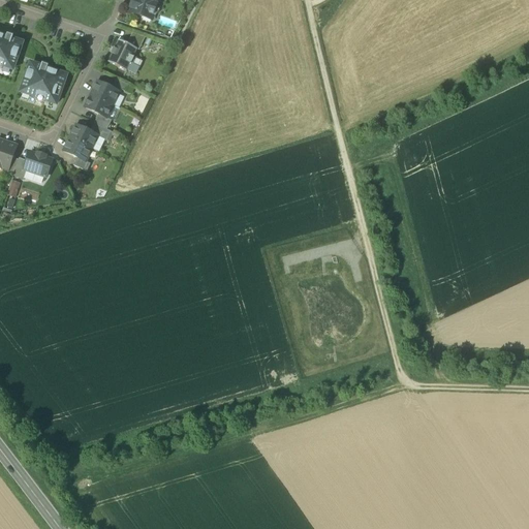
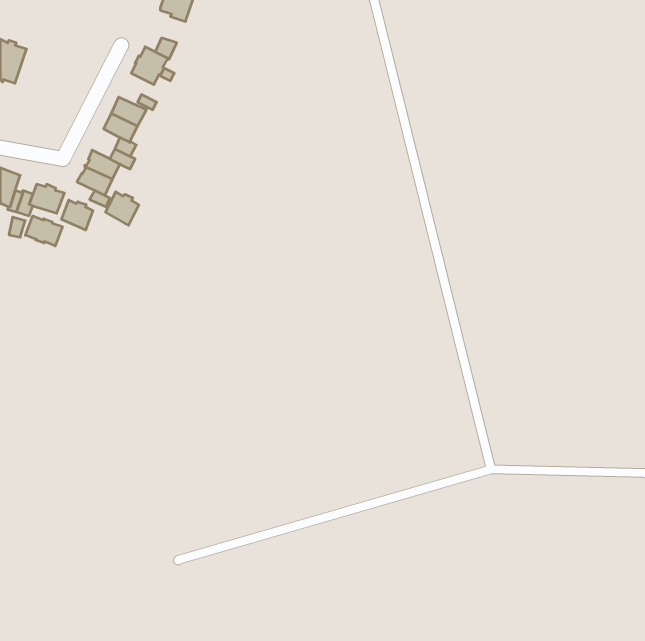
building: [21,61,66,102] -> none
building: none -> [106,192,139,225]
building: none -> [62,200,93,230]
building: none -> [25,216,62,246]

